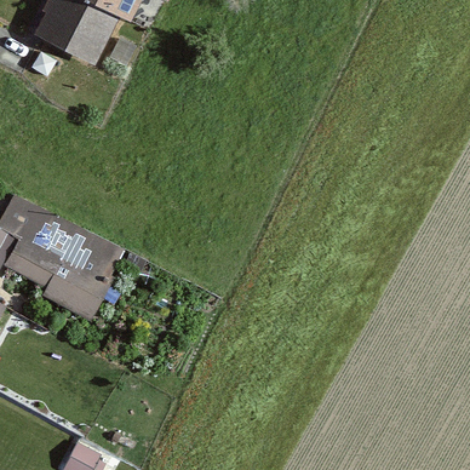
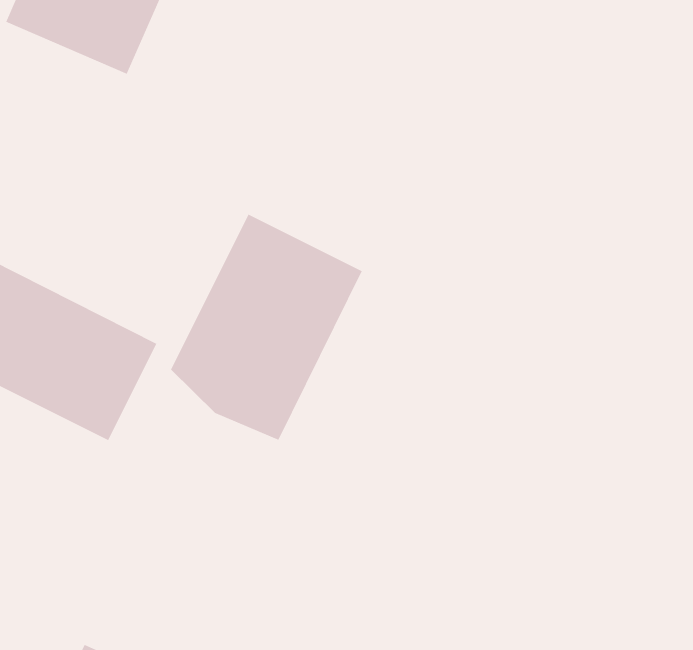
building: none -> [170,213,363,441]

